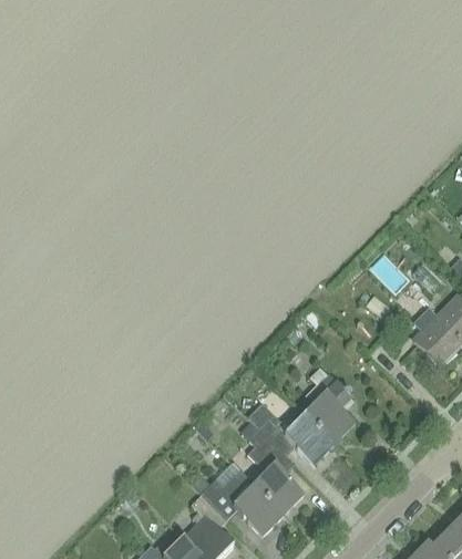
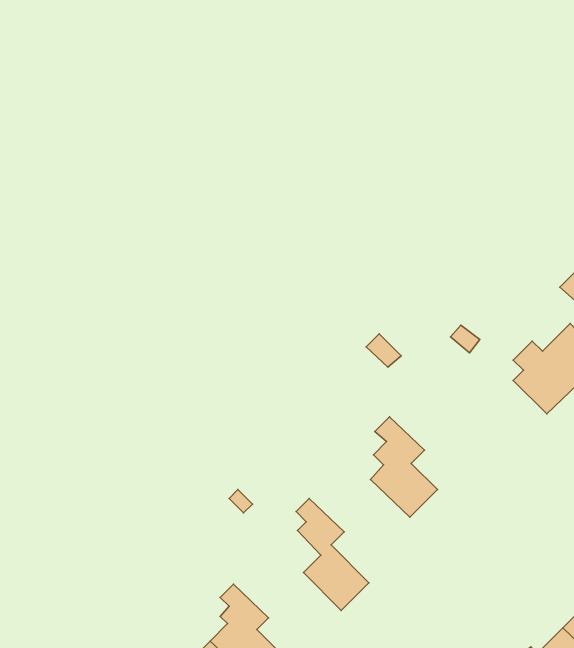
building: [249,405,336,463] -> none
building: [193,470,284,534] -> none

